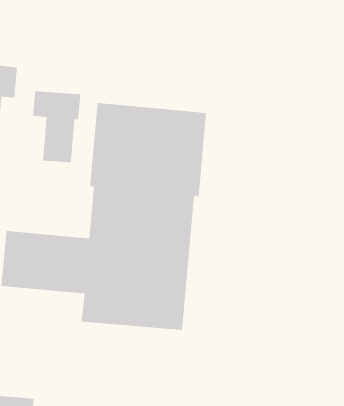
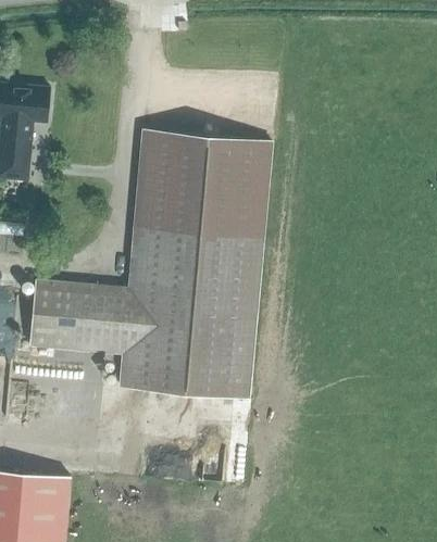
building: [33,90,81,163] -> none

